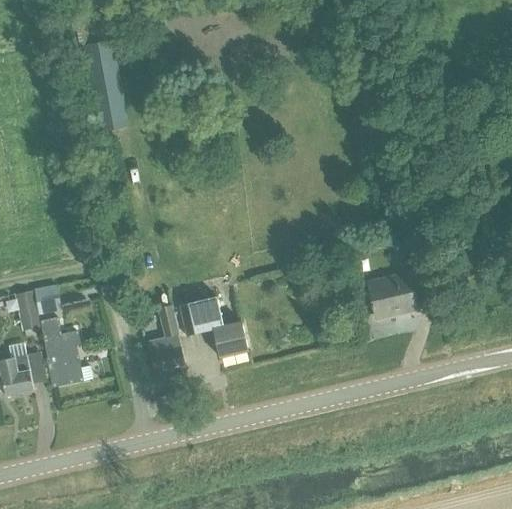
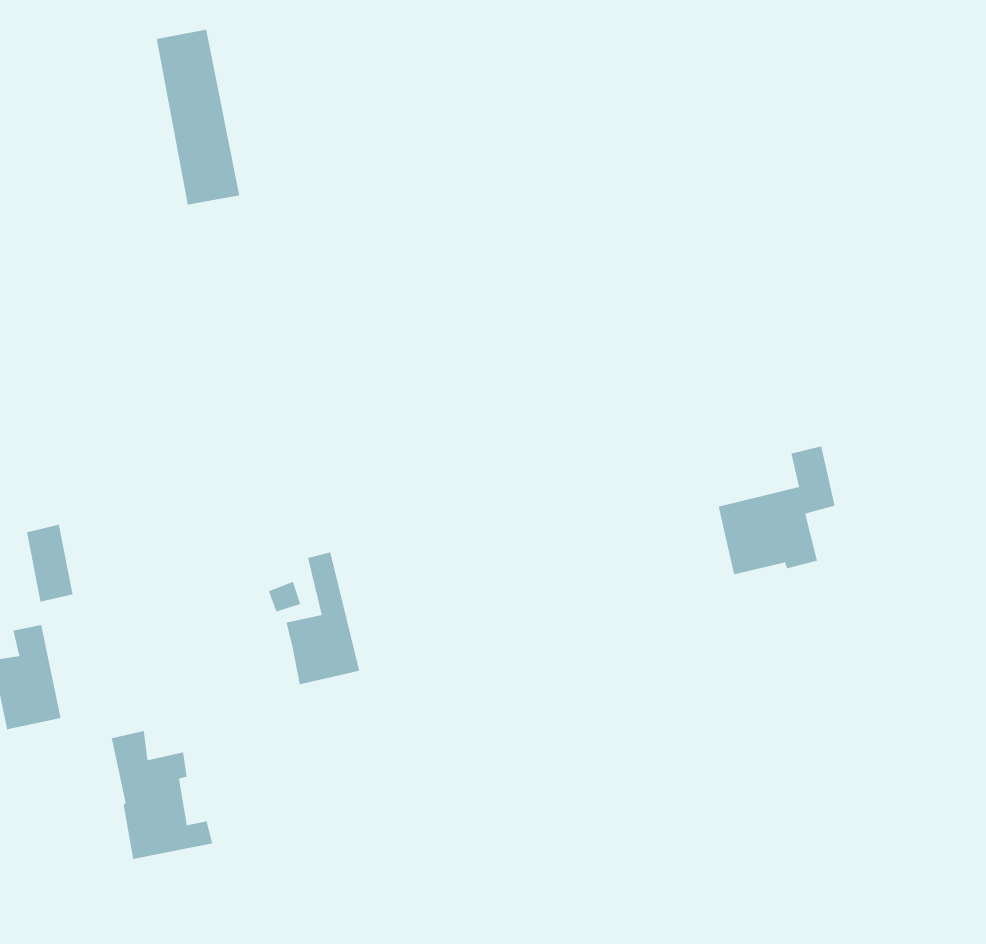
building: [36,289,60,317] -> none
building: [180,297,248,357] -> none
building: [41,320,93,386] -> [111,730,213,860]

